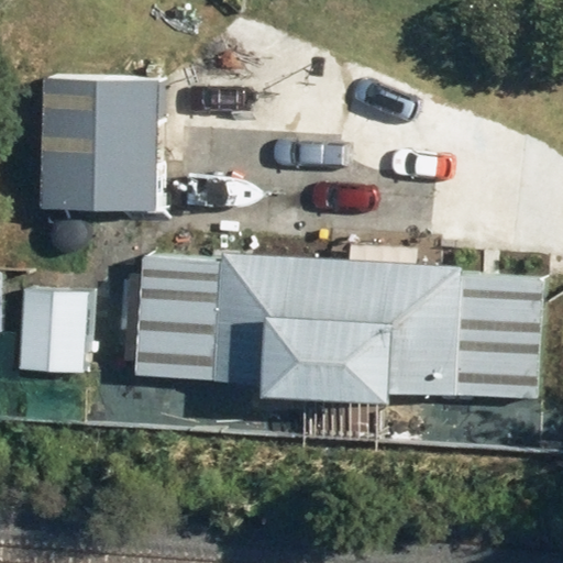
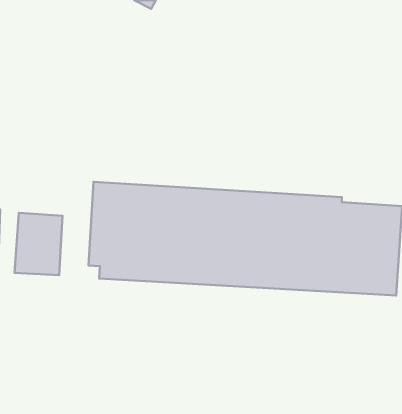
building: [47,80,158,208] -> none

